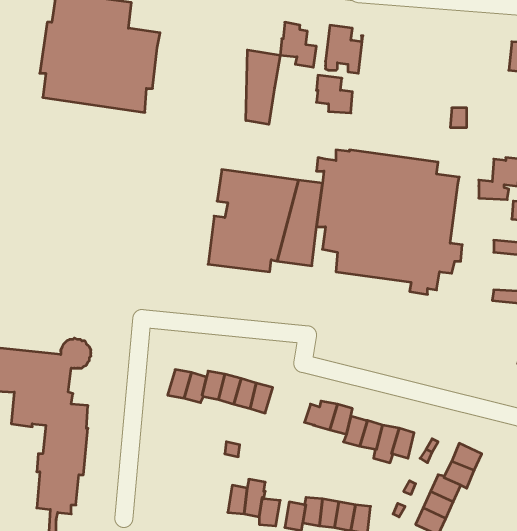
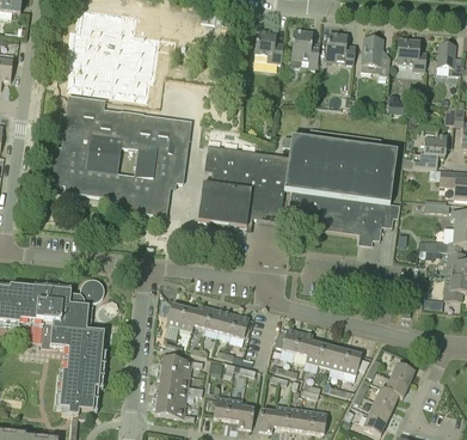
building: none -> [360,37,389,75]
building: none -> [397,39,426,71]
building: [246,50,280,124] -> none
building: [316,75,352,113] -> [326,33,355,63]
building: none -> [47,96,189,216]
building: none -> [152,356,203,421]

